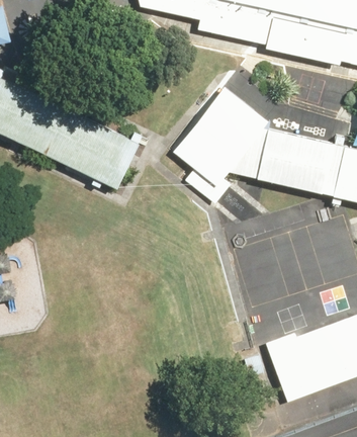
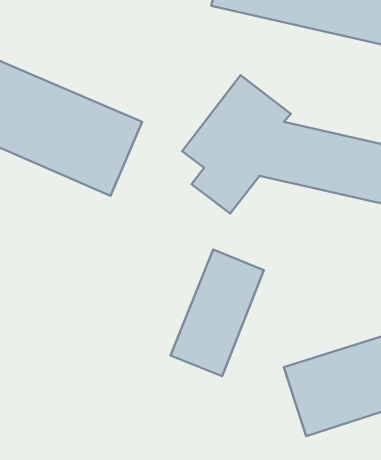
building: none -> [171,250,264,376]

